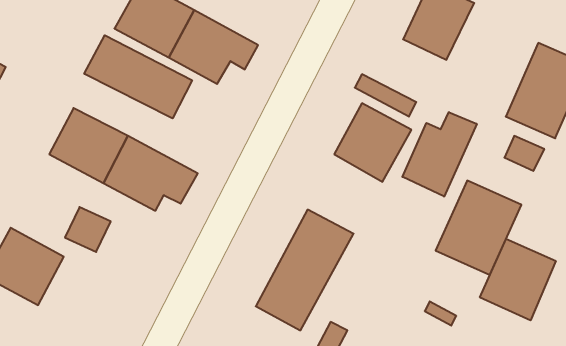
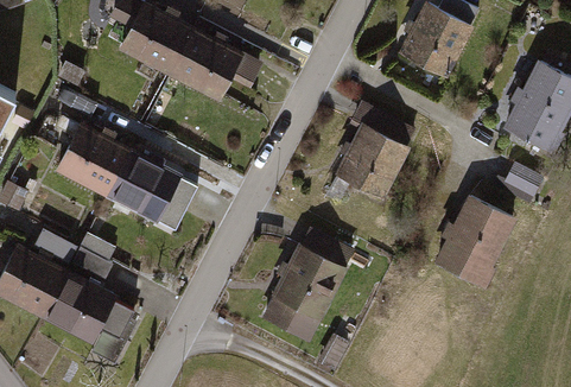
building: [84,35,192,118] -> none
building: [402,112,477,197] -> none
building: [480,239,556,320] -> none
building: none -> [44,271,138,345]

